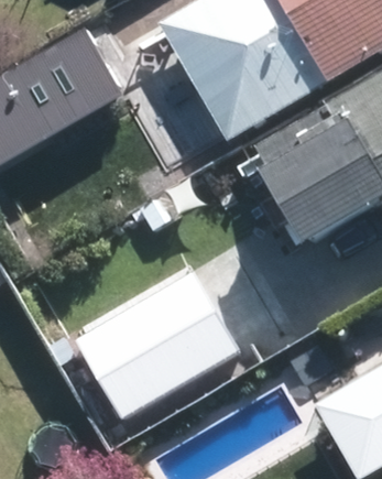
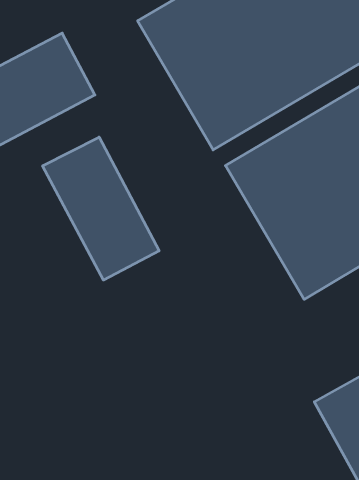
building: none -> [43,137,159,280]
building: [70,291,229,422] -> none

